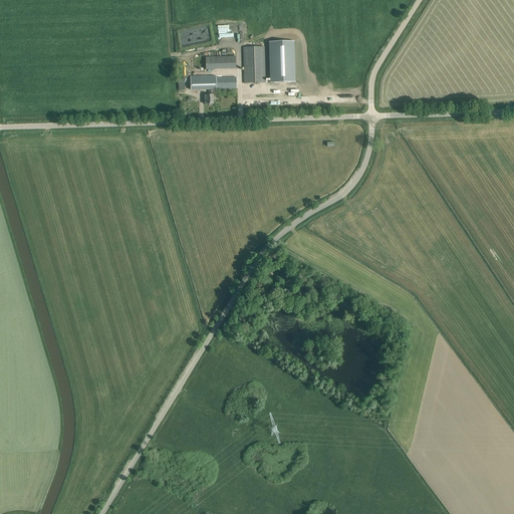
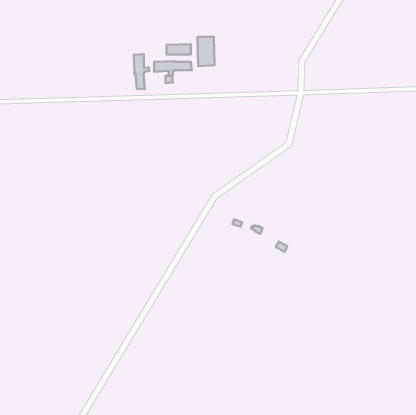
building: [269,40,295,80] -> none
building: none -> [134,54,149,89]

